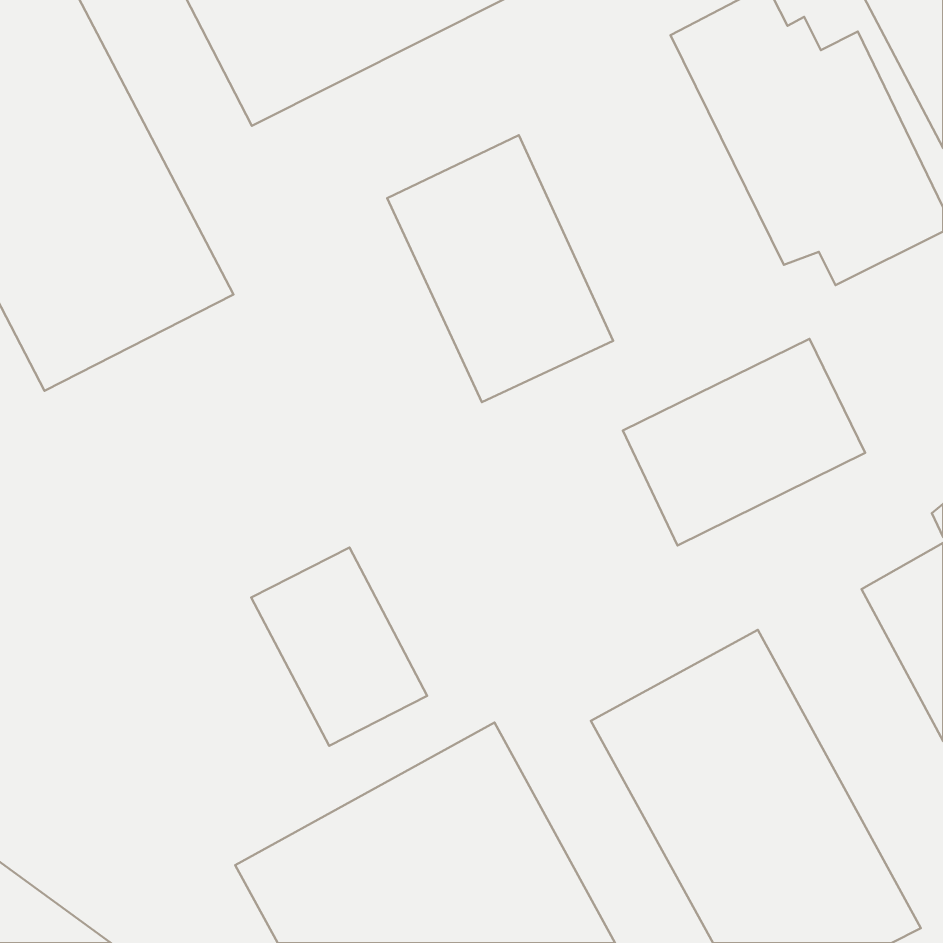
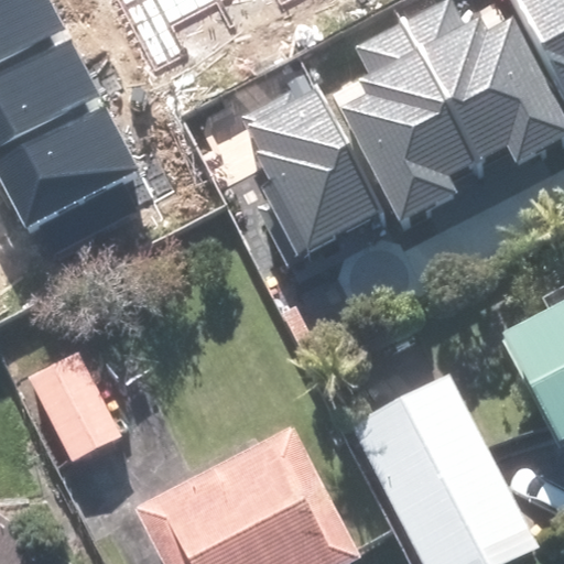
building: none -> [340,21,466,218]
building: [623,339,865,546] -> none
building: [251,548,427,746] -> [25,354,130,471]

